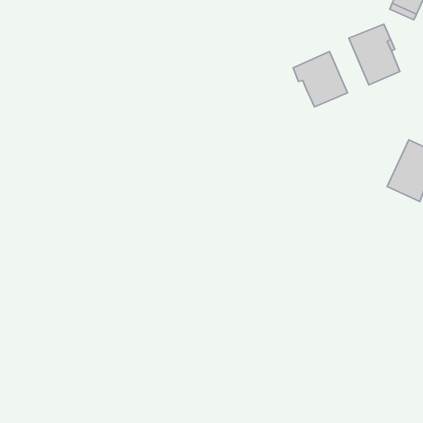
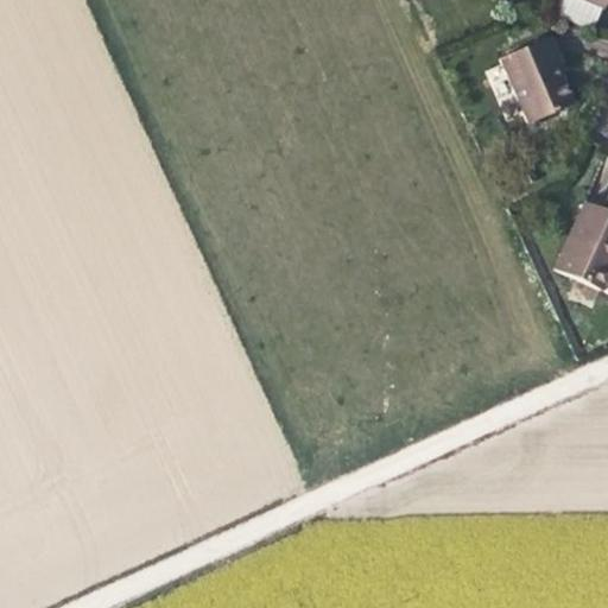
building: [293,51,347,107] -> none

